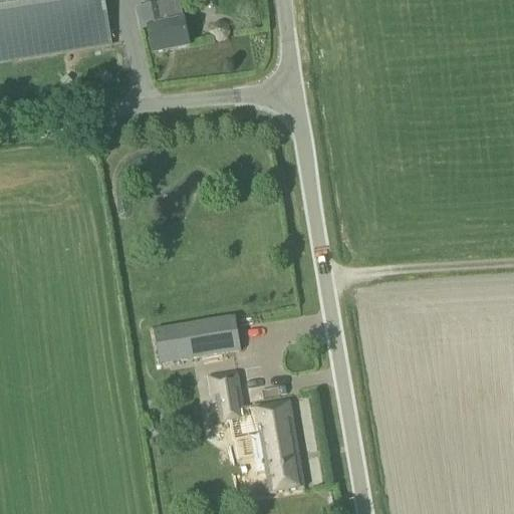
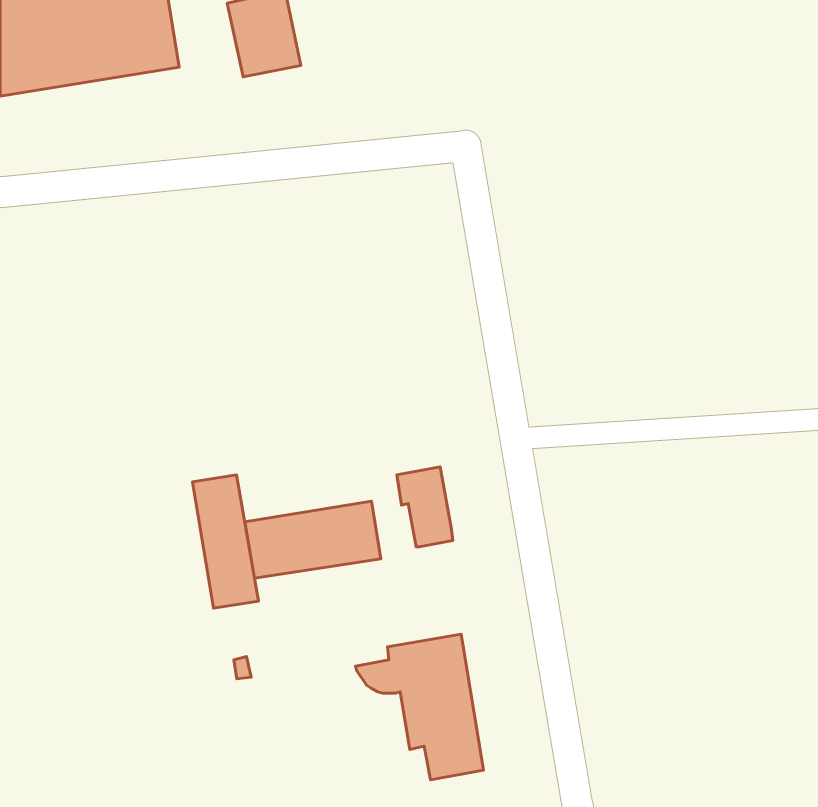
building: none -> [193,475,259,608]
building: [209,367,244,418] -> [397,467,453,547]

